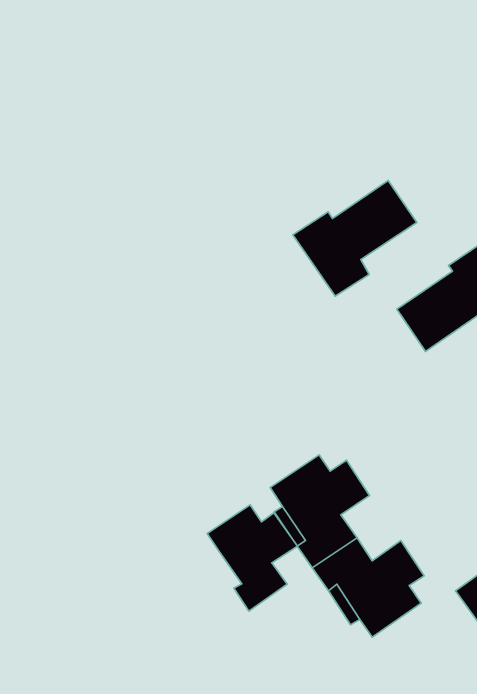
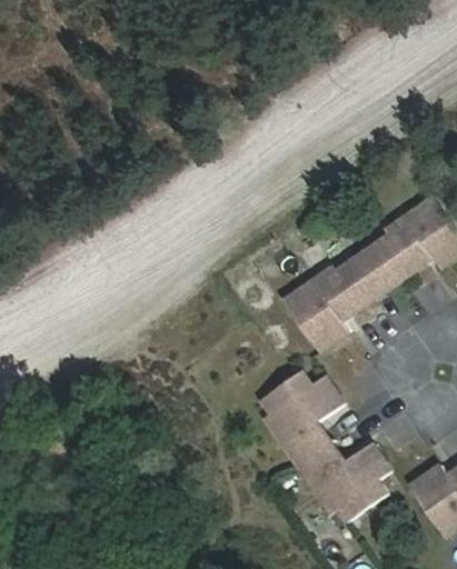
building: [293,180,417,296] -> [286,253,387,348]
building: [207,505,297,611] -> none

